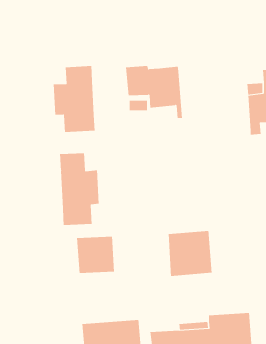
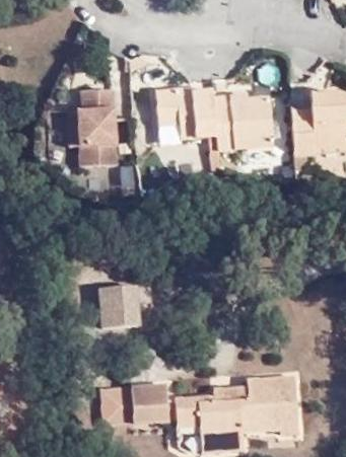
building: none -> [214,92,275,149]
building: [60,152,99,226] -> none
building: [168,230,212,277] -> none

